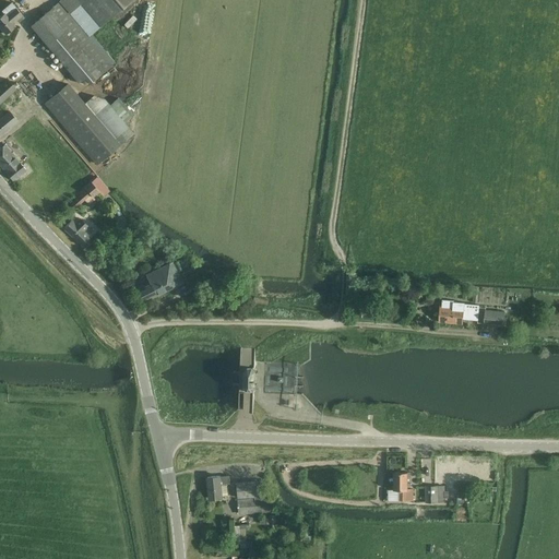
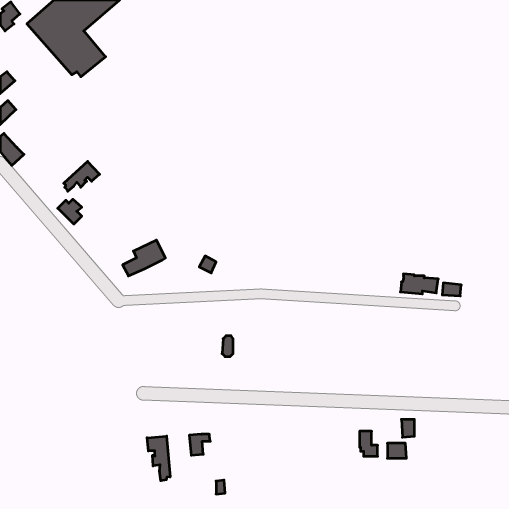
building: [44,82,133,166] -> none
building: none -> [147,436,170,481]
building: [237,480,270,514] -> none

